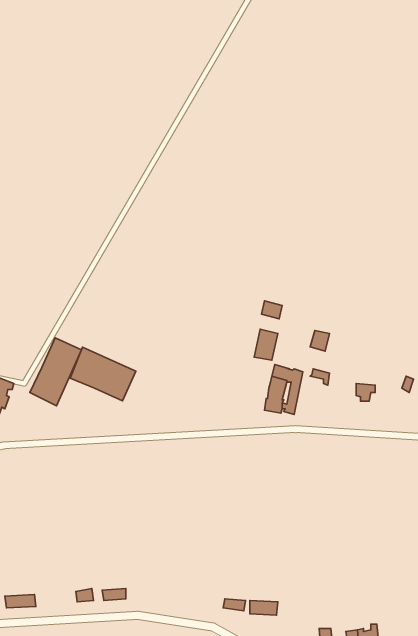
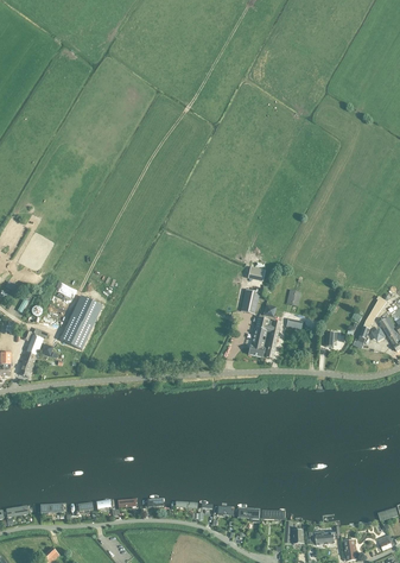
building: [70,347,136,401] -> none

